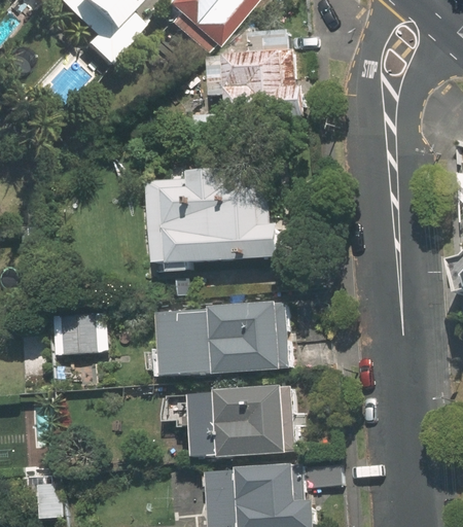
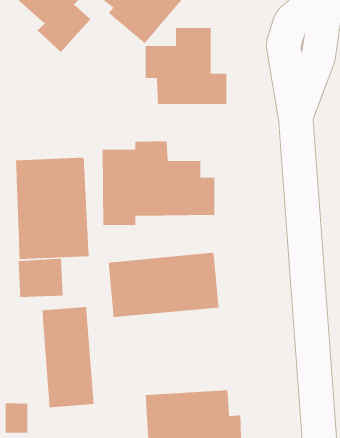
building: none -> [15,157,89,260]
building: none -> [42,306,95,408]
building: [161,383,299,459] -> none

